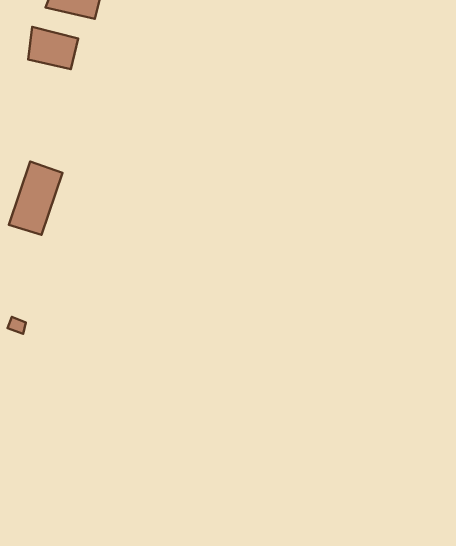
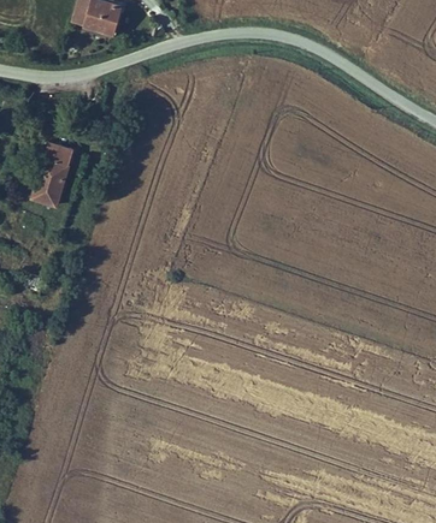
building: [28,27,78,69] -> none

